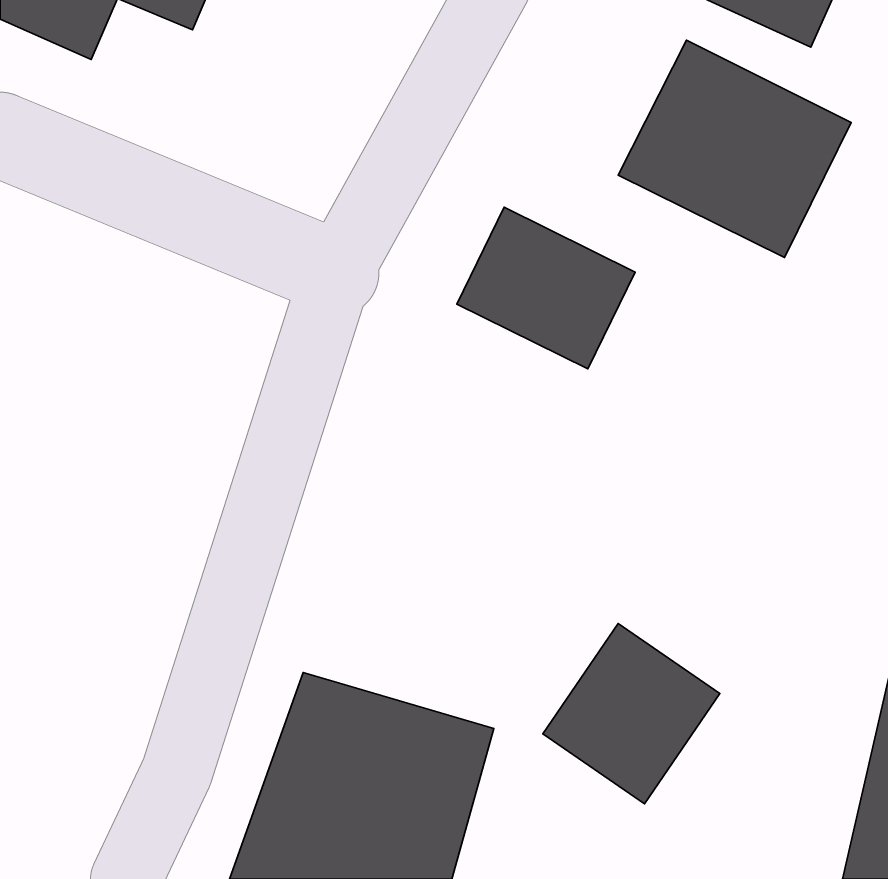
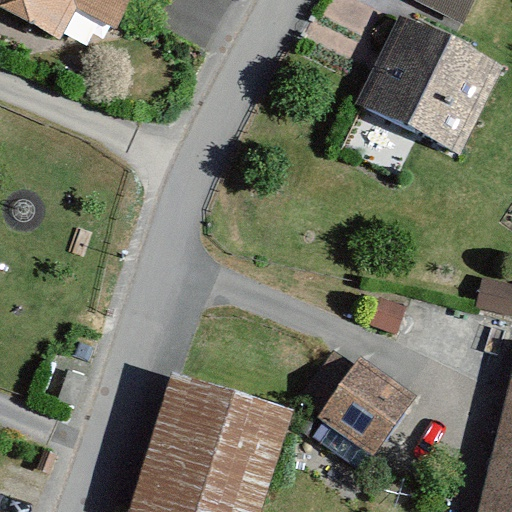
building: [457,207,635,369] -> none

